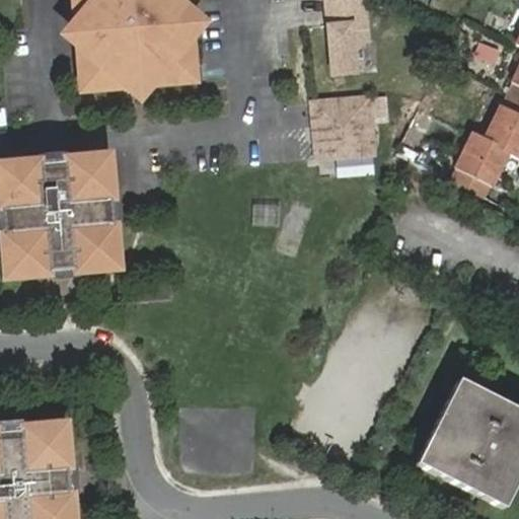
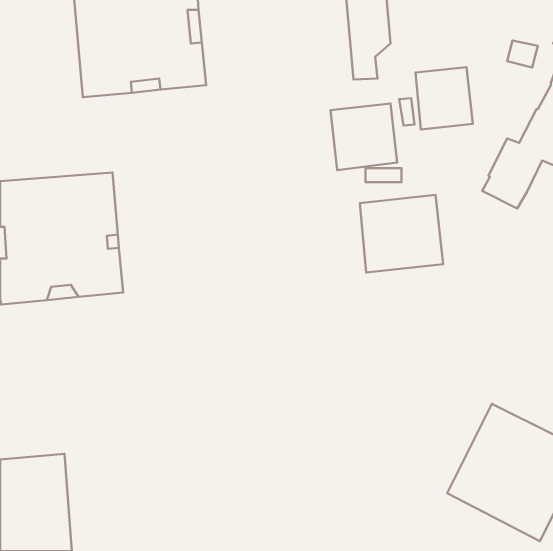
building: none -> [415,67,473,129]
building: none -> [360,195,443,273]

